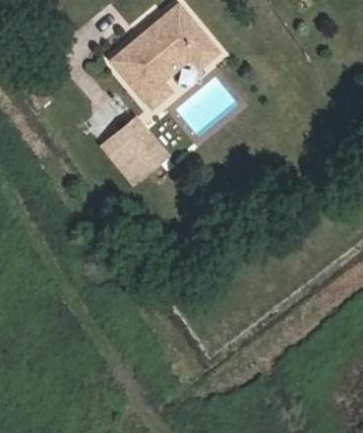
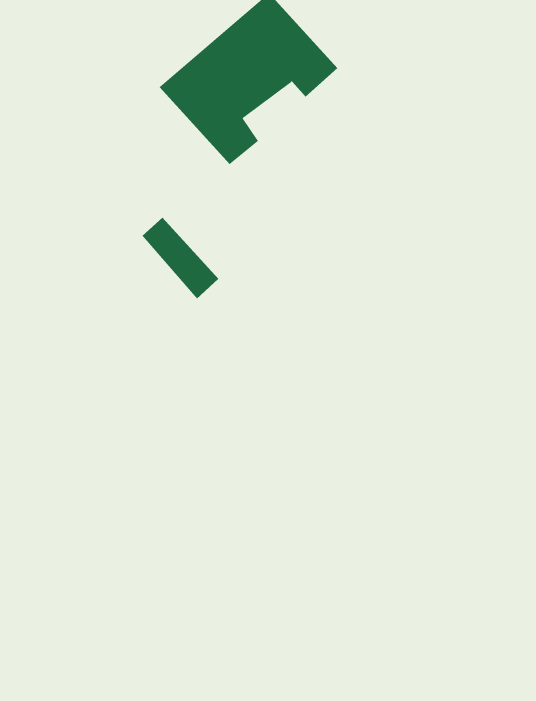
building: [114,120,166,174] -> none

